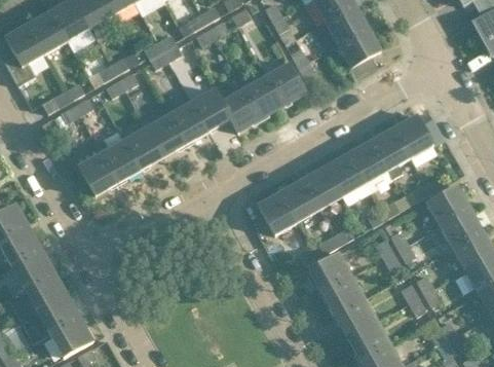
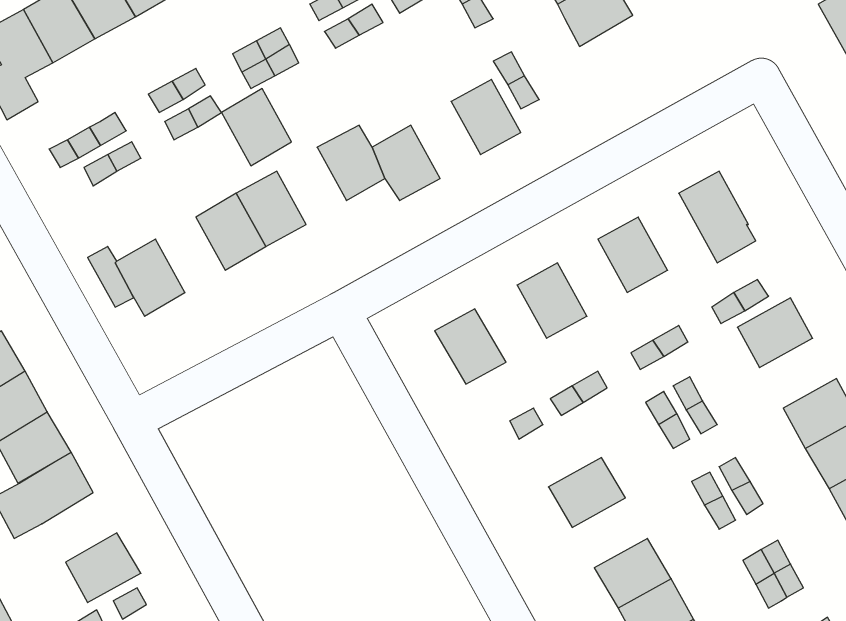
building: [339,27,381,67] -> none
building: [244,75,283,118] -> none
building: [169,101,208,144] -> [222,89,291,166]
building: [372,126,416,178] -> none
building: [102,140,141,182] -> none
building: [327,152,366,195] -> none
building: [280,178,320,221] -> none
building: [440,208,483,247] -> none
building: [309,252,351,291] -> none
building: [23,294,80,342] -> none
building: [335,297,377,336] -> none

